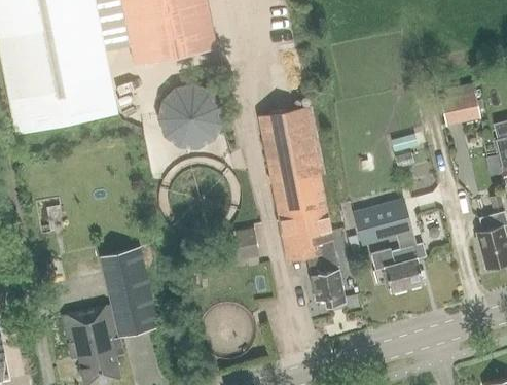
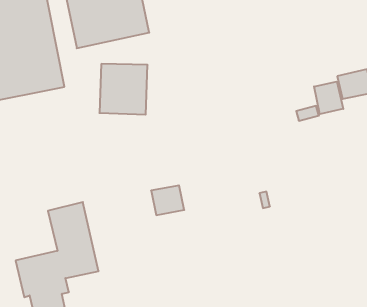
building: none -> [314,82,343,114]
building: [258,106,345,306] -> none
building: [353,200,426,292] -> none

